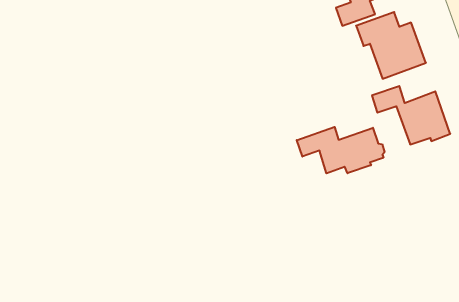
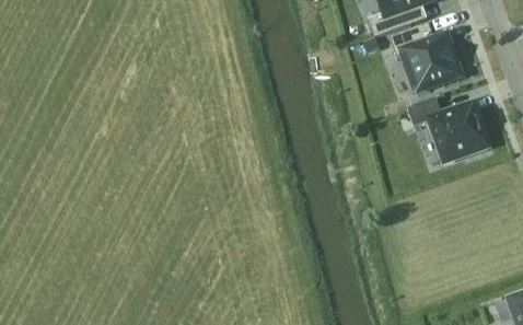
building: [297,127,385,173] -> none

